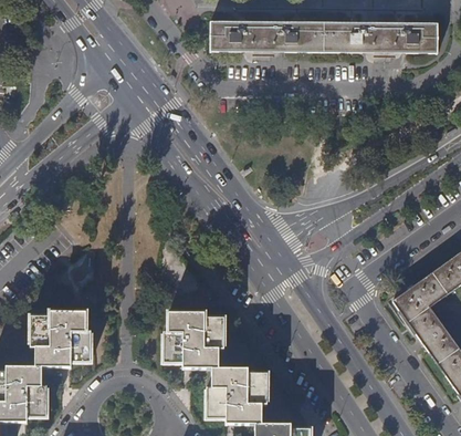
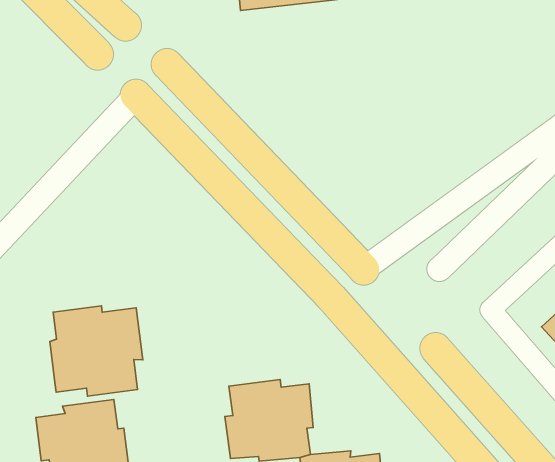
building: none -> [50,306,143,396]

